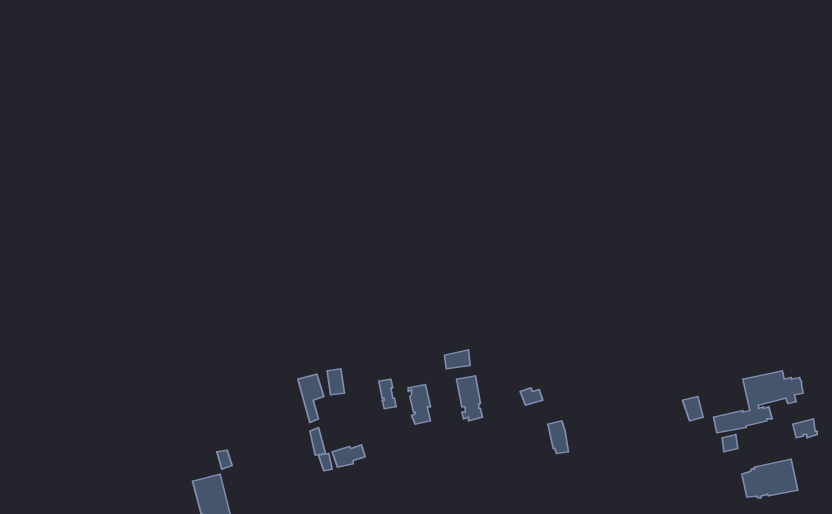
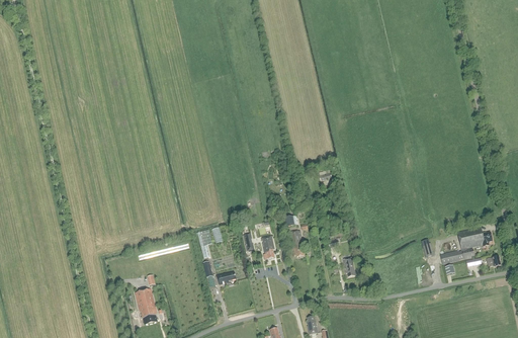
building: [742,459,798,498] -> none

